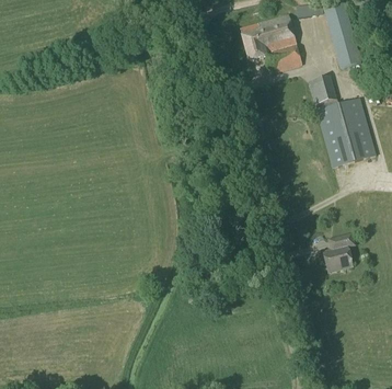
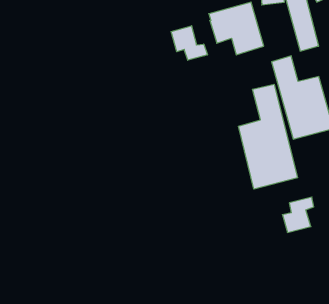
building: none -> [171,26,207,60]
building: none -> [238,84,297,189]

